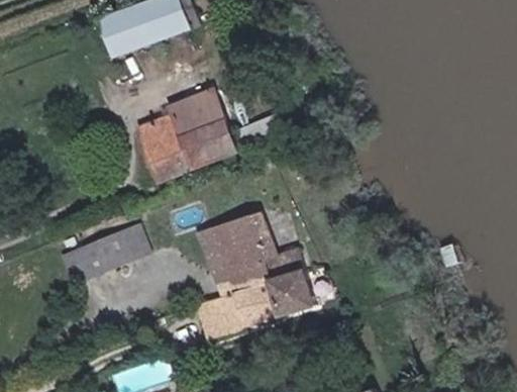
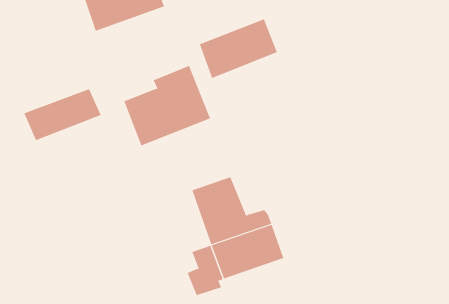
building: none -> [199,18,277,79]
building: [64,224,149,282] -> [23,88,102,141]

